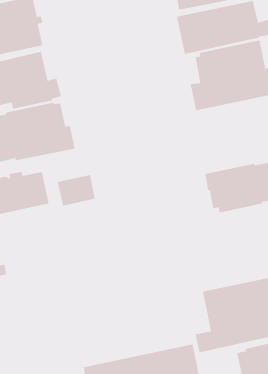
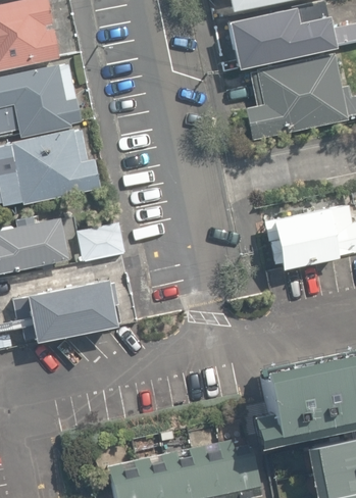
building: none -> [12,279,116,342]

